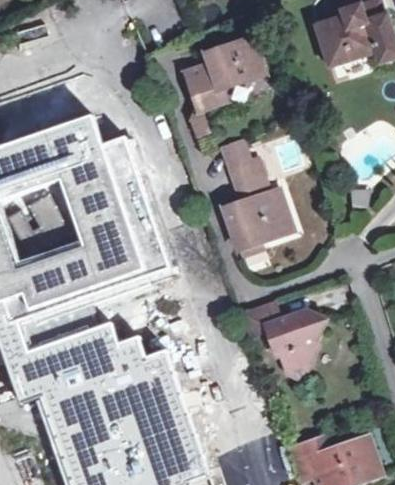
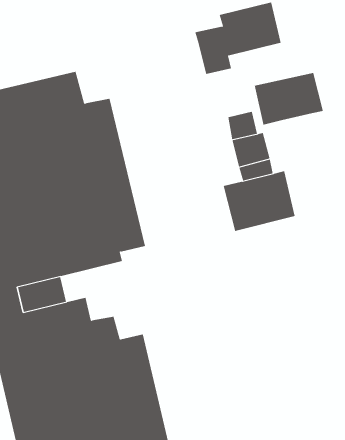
building: none -> [254,72,323,125]
building: [240,297,325,375] -> none

